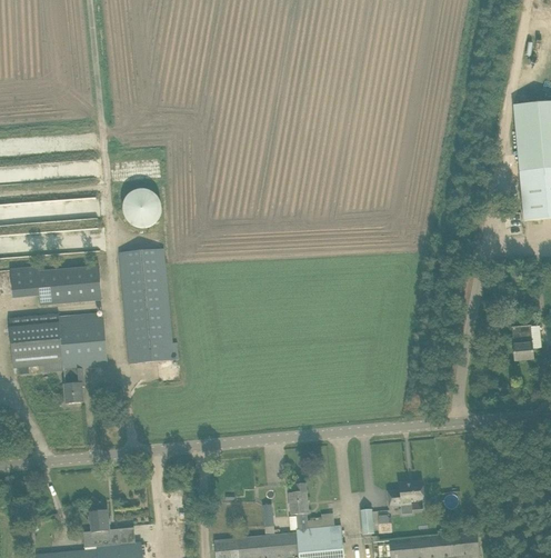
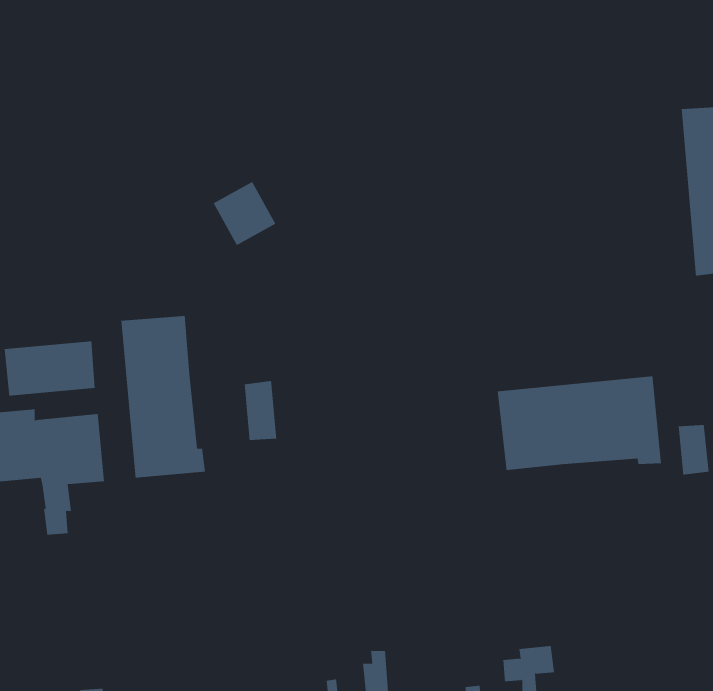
building: [123,185,168,230] -> [213,181,276,246]
building: none -> [497,376,662,471]
building: none -> [244,380,277,441]

